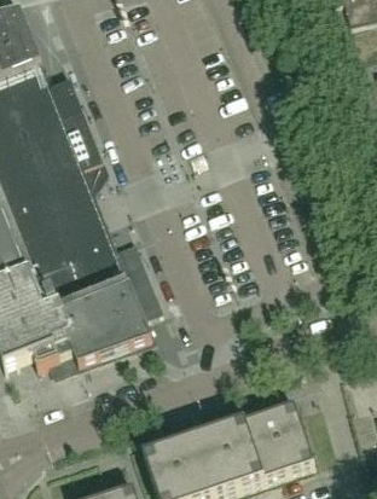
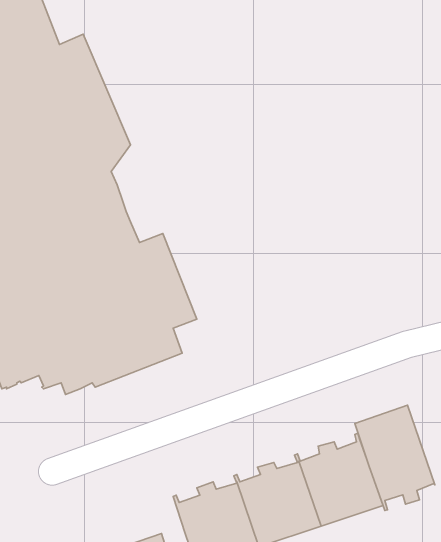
building: none -> [355,405,435,510]

